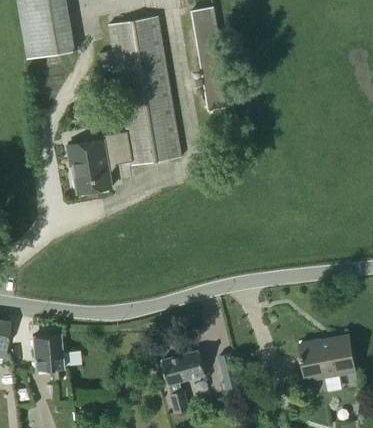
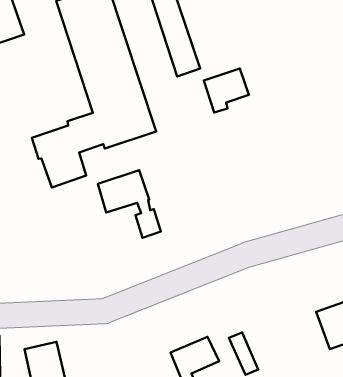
building: none -> [204,69,249,113]
building: none -> [98,170,161,238]

